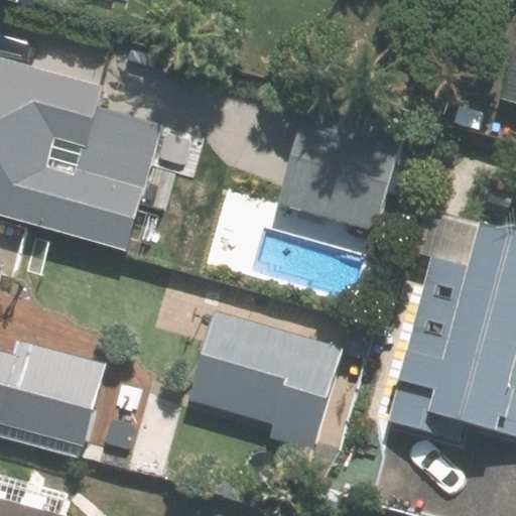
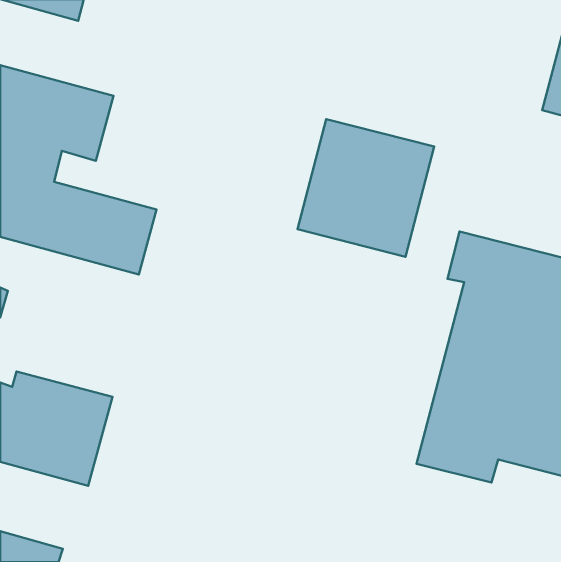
building: [184,280,353,447] -> none

